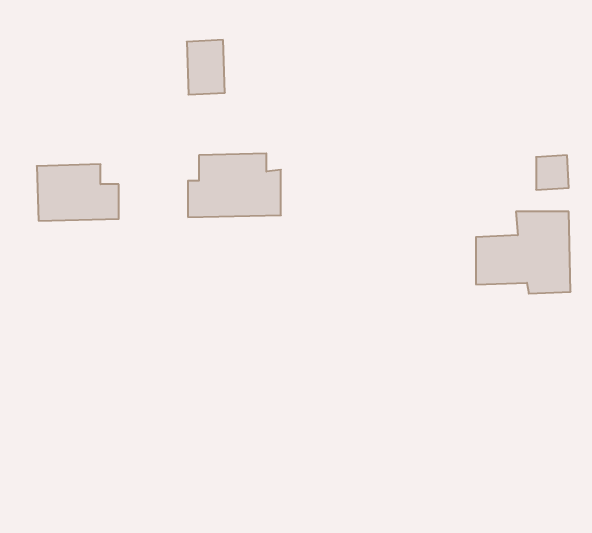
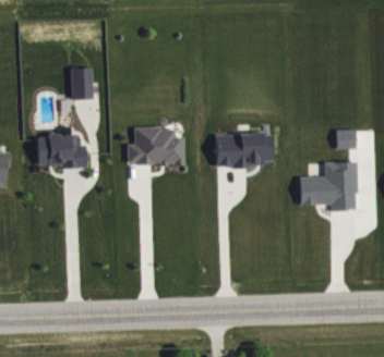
building: [187,40,225,95] -> [70,67,93,100]
building: none -> [215,133,273,167]

